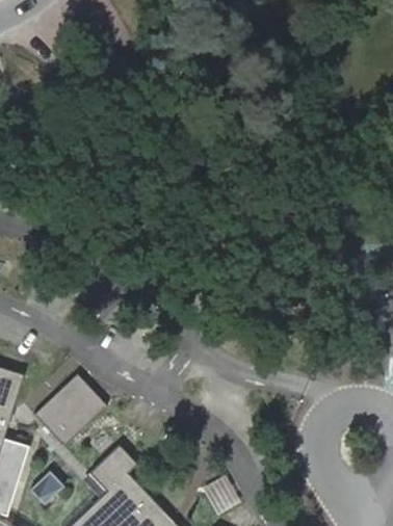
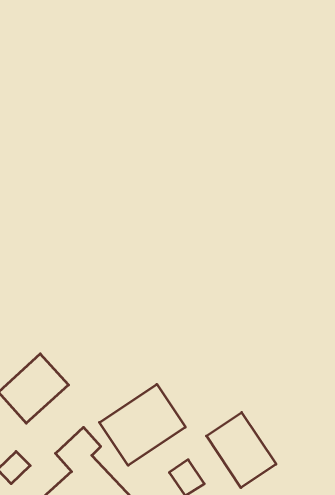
building: none -> [99,384,185,465]
building: none -> [206,412,276,488]

